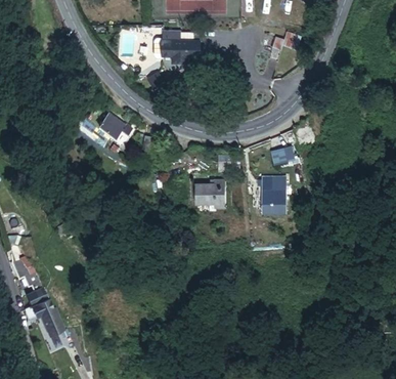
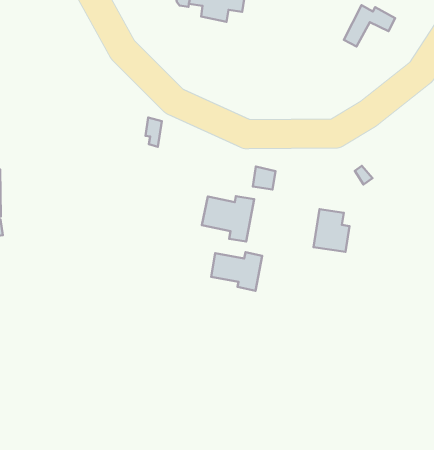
building: [98,110,137,139] -> none
building: none -> [211,252,262,291]

